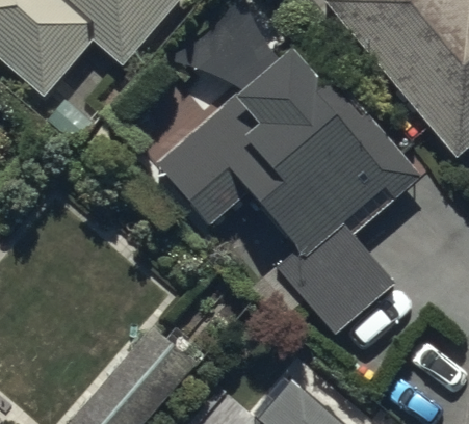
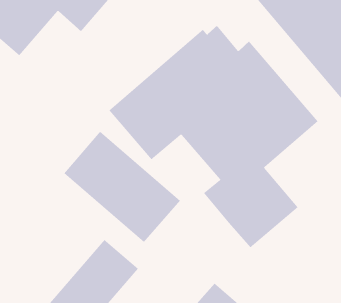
building: none -> [63,131,181,243]

